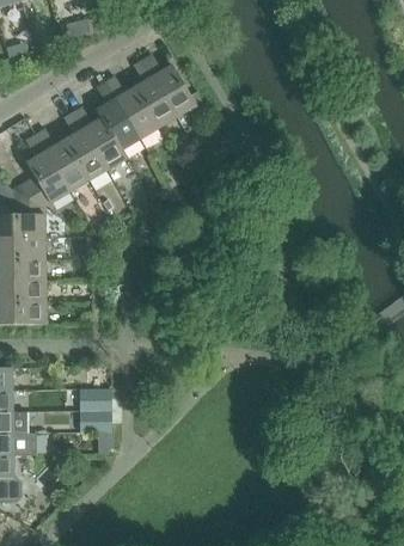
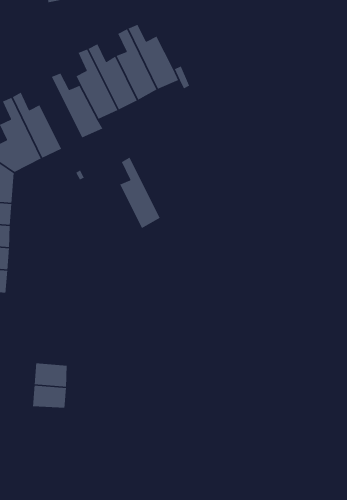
building: [65,111,108,180] -> [119,156,161,229]

